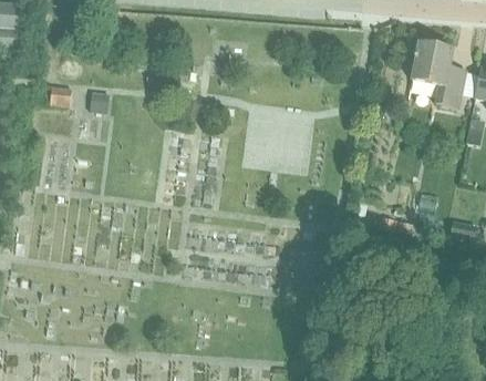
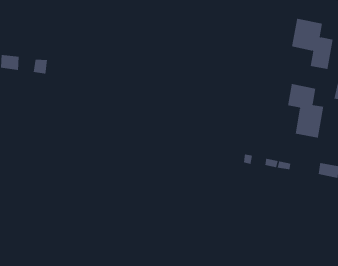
building: none -> [287,83,324,139]

